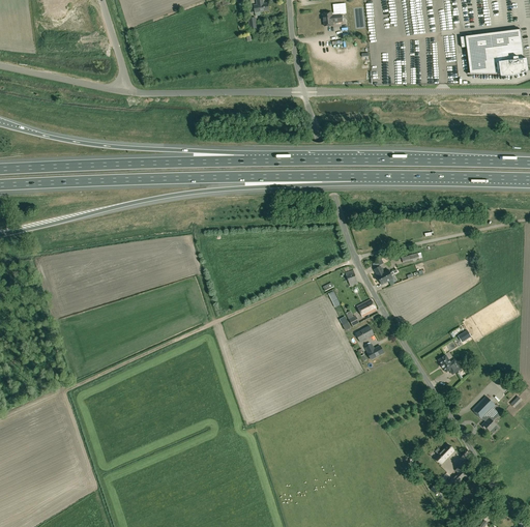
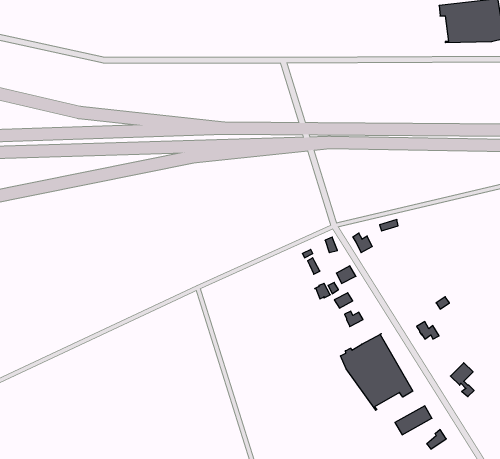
building: none -> [341,334,413,410]

